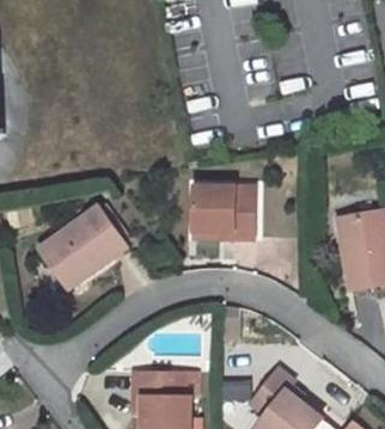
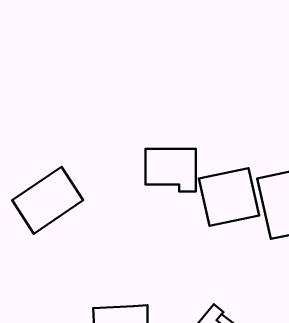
building: none -> [199,168,259,226]

